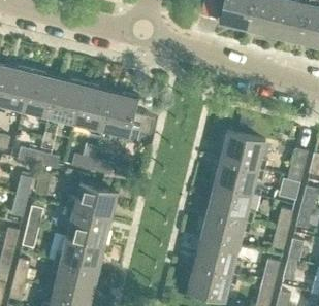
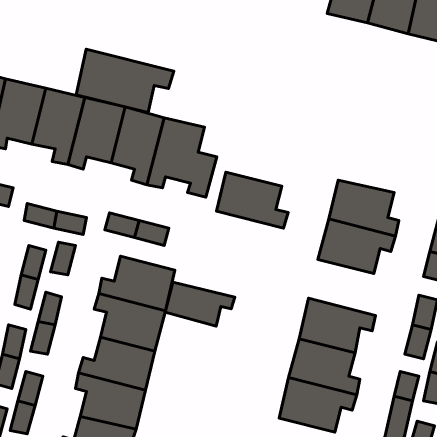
building: none -> [76,49,174,113]
building: [206,184,254,222] -> [217,172,288,228]
building: none -> [165,282,235,326]

